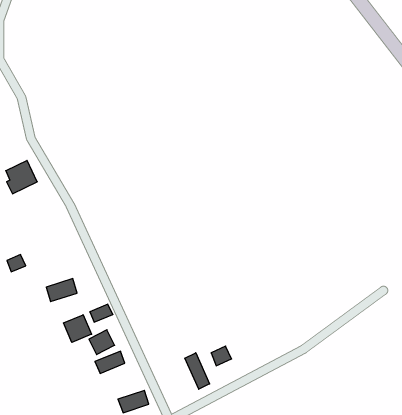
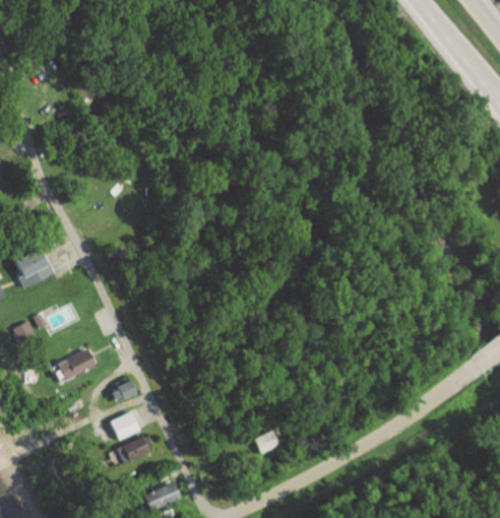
building: [6,160,37,194] -> [16,248,54,287]
building: [63,315,92,342] -> none
building: [185,353,210,389] -> none

